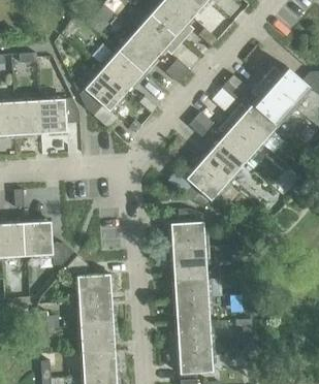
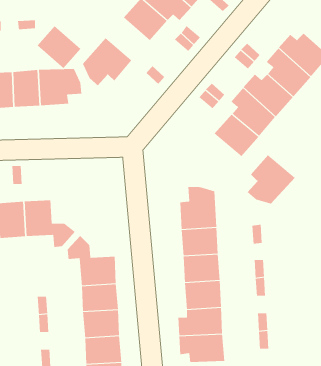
building: [101,52,142,92] -> [37,26,81,69]
building: [183,160,228,206] -> [247,155,296,204]

